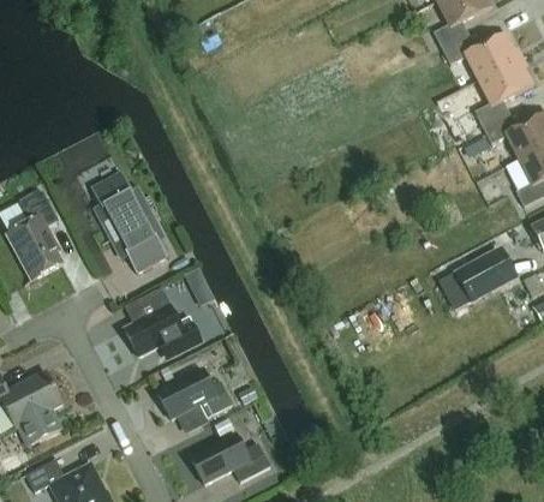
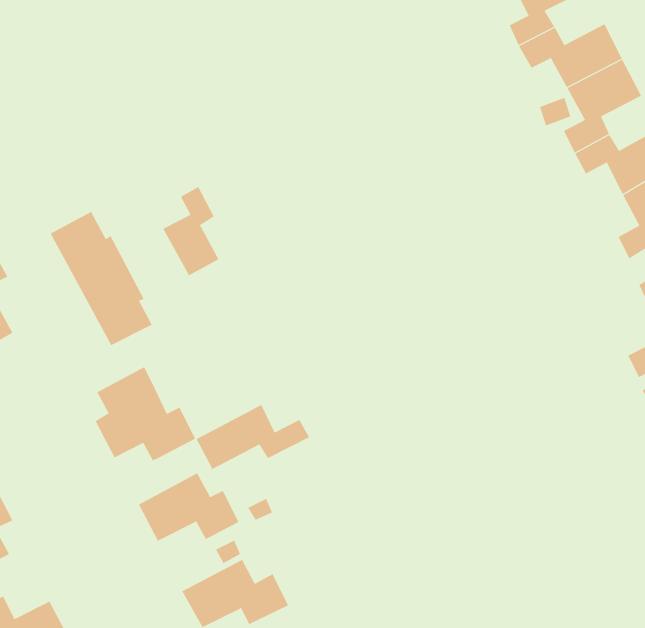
building: none -> [163,186,219,276]
building: [453,245,518,303] -> none
building: none -> [196,404,310,470]

